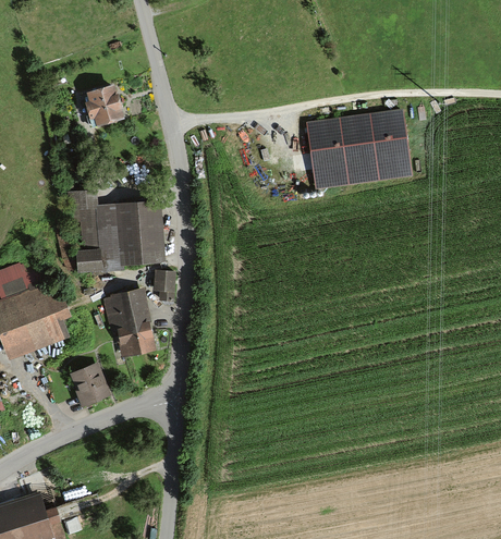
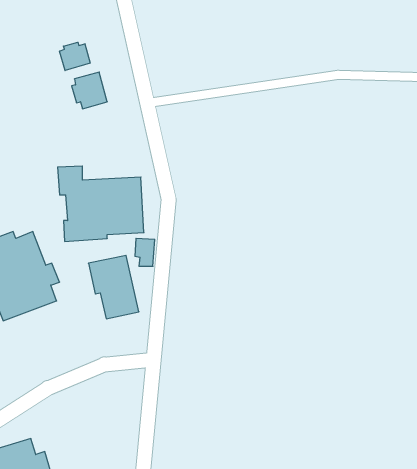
building: none -> [60,42,90,71]
building: [308,111,410,185] -> none
building: [70,362,111,405] -> none

